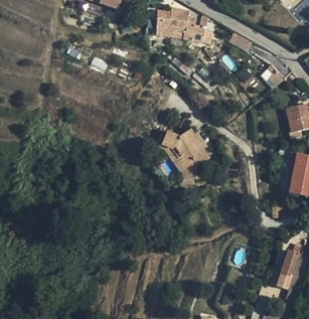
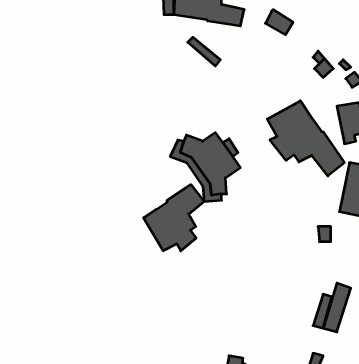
building: none -> [267,101,344,176]
building: none -> [144,185,204,251]

